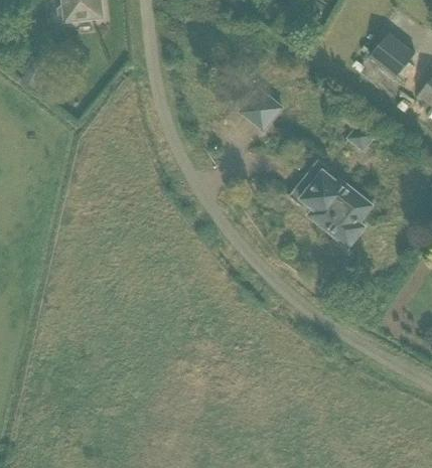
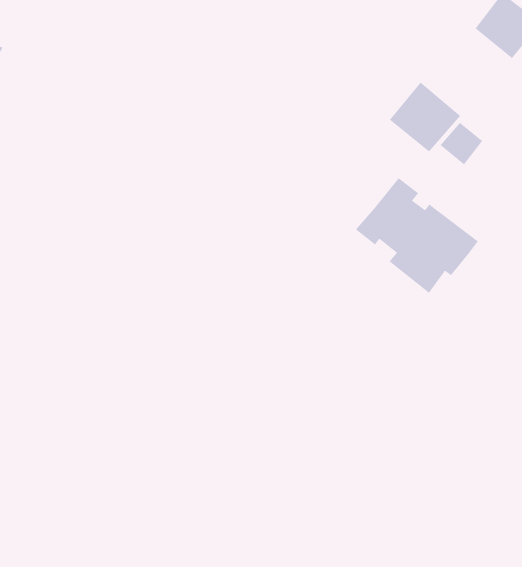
building: [237,88,284,134] -> none
building: none -> [389,82,461,153]

